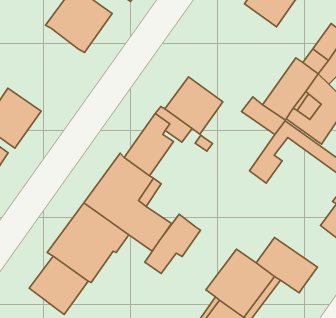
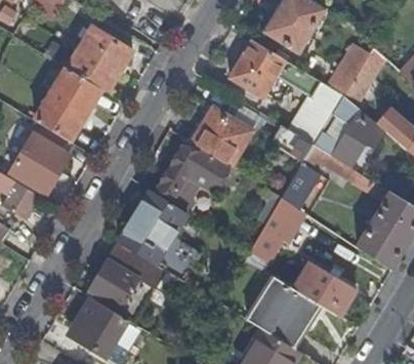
building: none -> [231,40,285,96]
building: none -> [35,67,102,140]
building: [145,214,200,274] -> [251,197,304,257]

